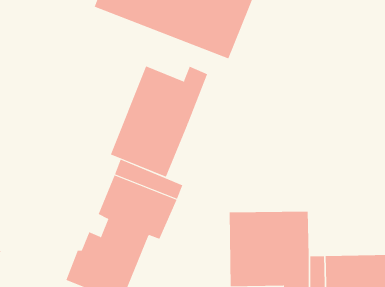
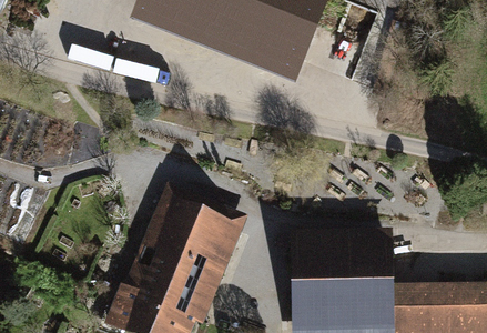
building: [110,65,208,177] -> none

